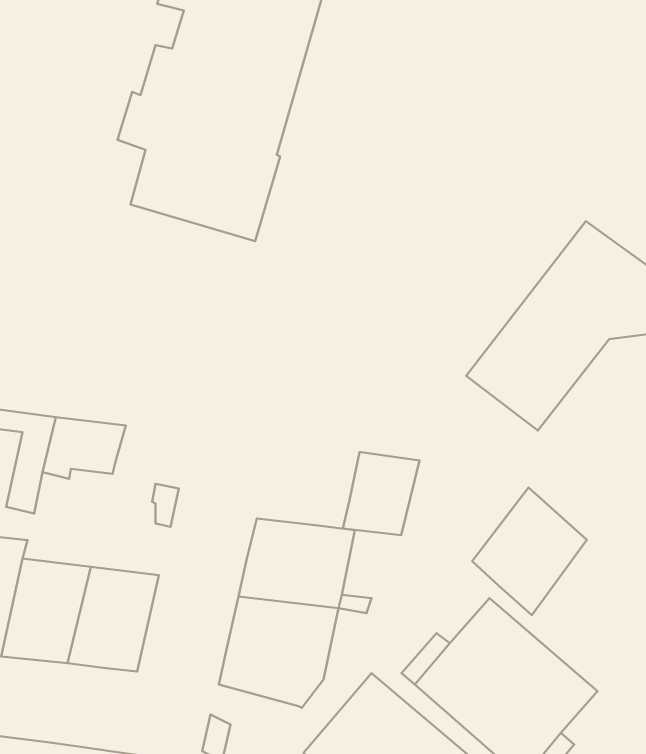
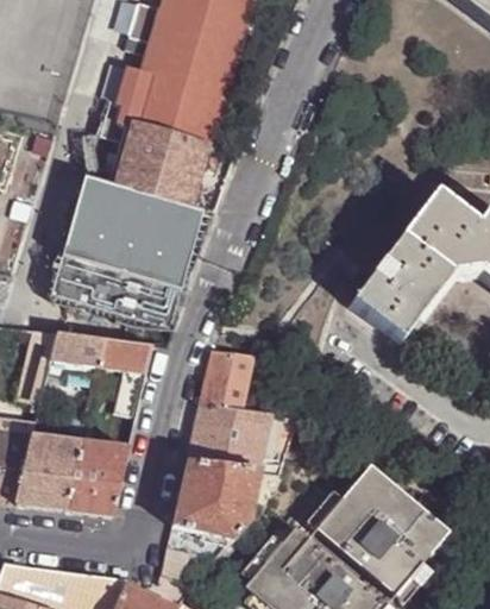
building: none -> [50,174,212,326]
building: none -> [100,339,155,371]
building: [343,452,419,535] -> [201,351,256,410]
building: [472,487,587,615] -> none

